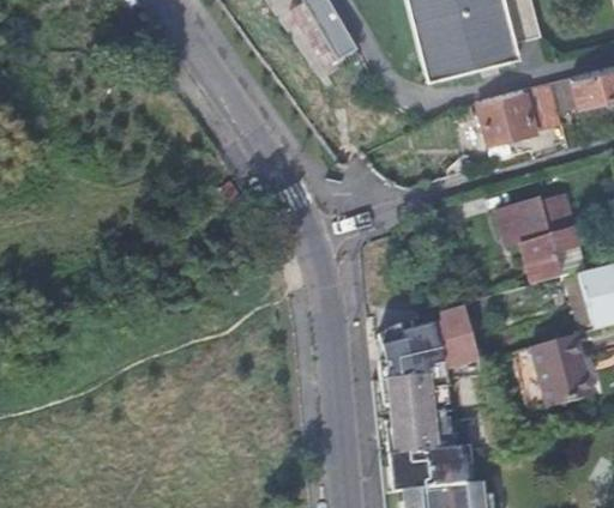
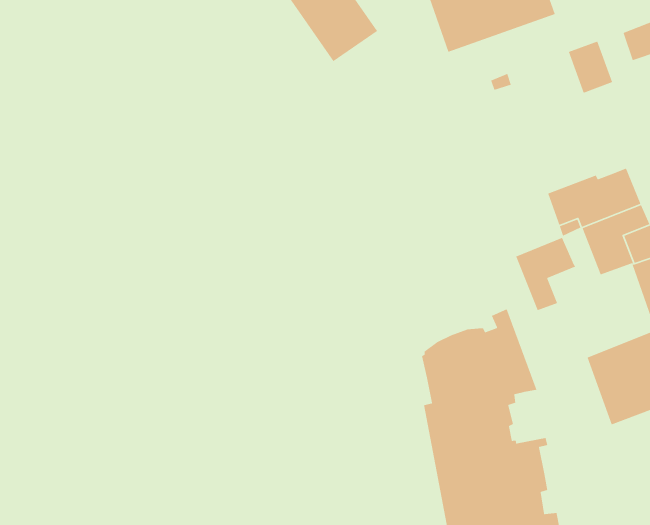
building: [481,90,537,141] -> none
building: none -> [515,237,577,311]

